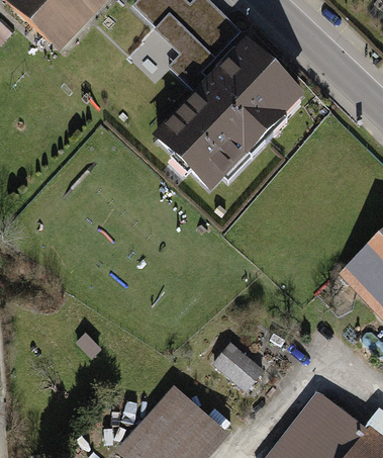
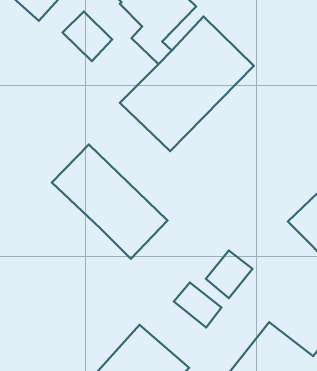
building: none -> [62,11,112,61]
building: none -> [52,145,168,259]
building: none -> [206,251,253,298]

